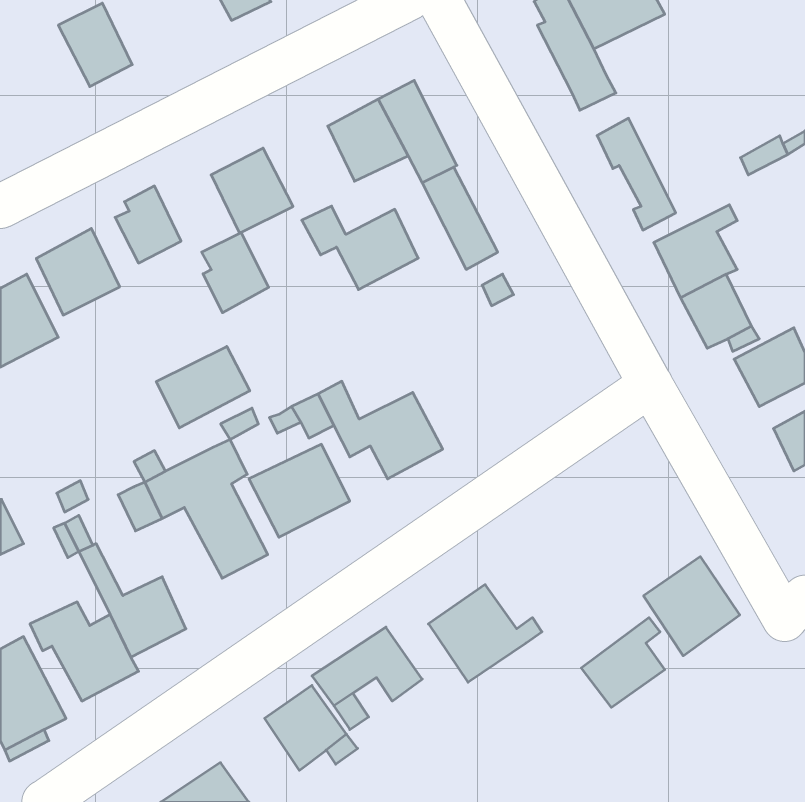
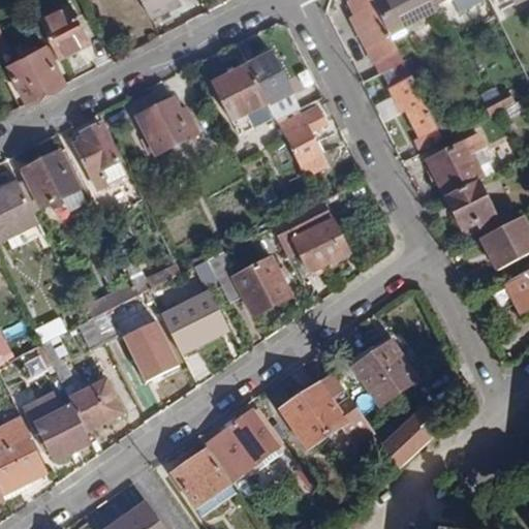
building: none -> [8,45,62,98]
building: [302,206,418,290] -> [273,216,349,271]
building: [202,232,269,313] -> none
building: [156,346,250,428] -> none
building: [644,557,740,656] -> [353,341,416,406]

